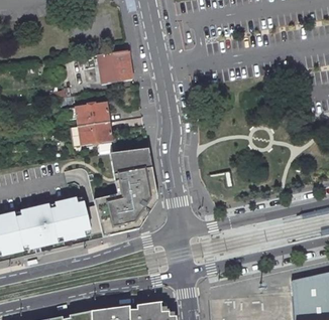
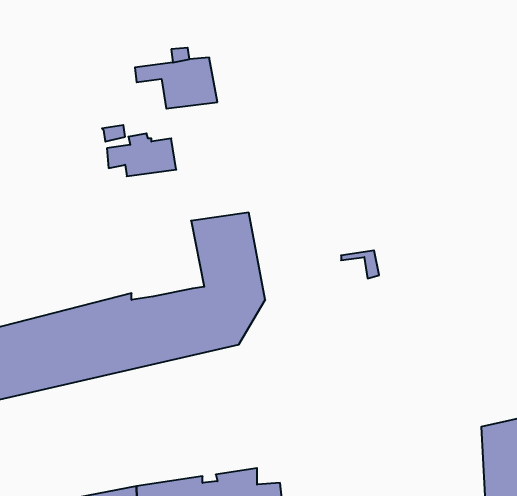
building: [72,120,113,153] -> none

